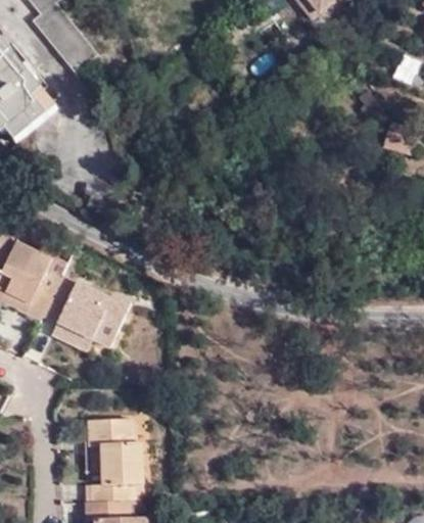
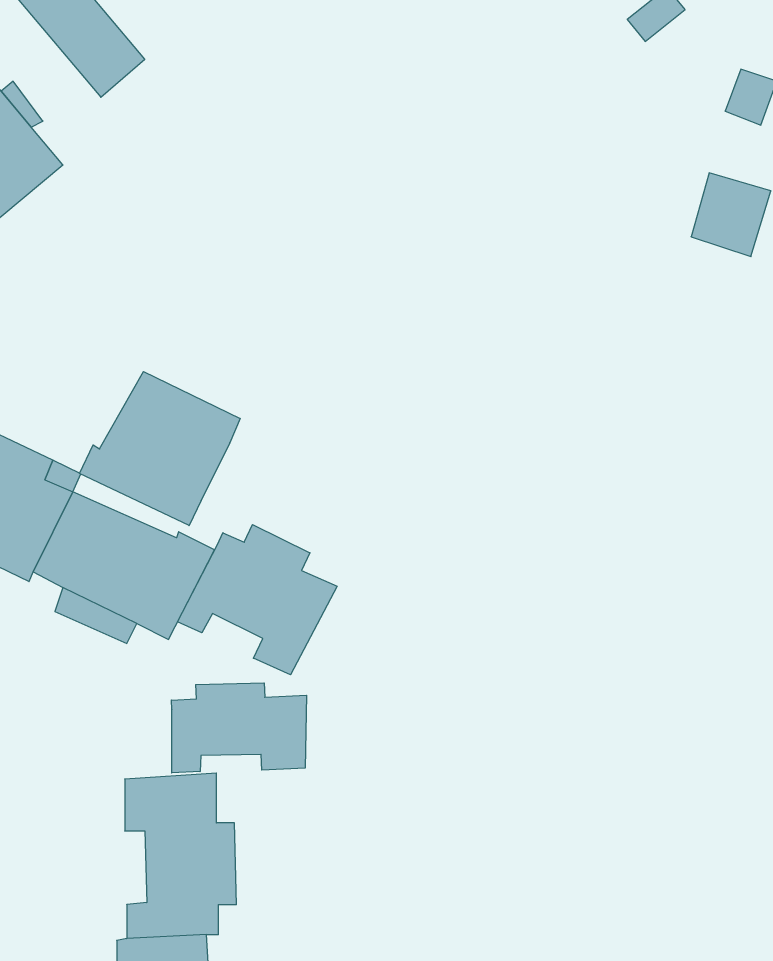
building: none -> [80,372,240,526]
building: none -> [178,525,337,675]
building: none -> [171,683,306,773]

